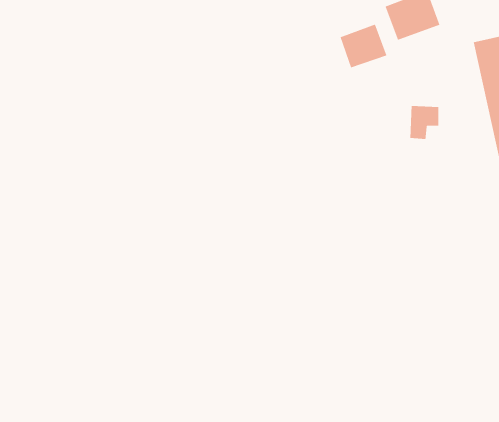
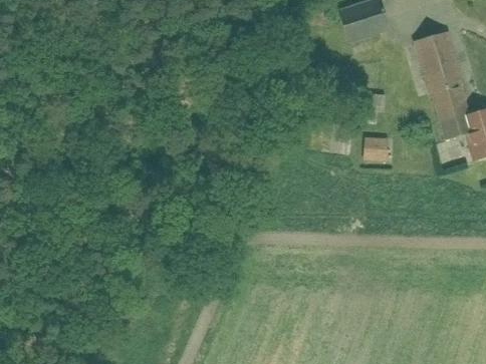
building: [339,23,387,69] -> none
building: none -> [368,137,390,161]

